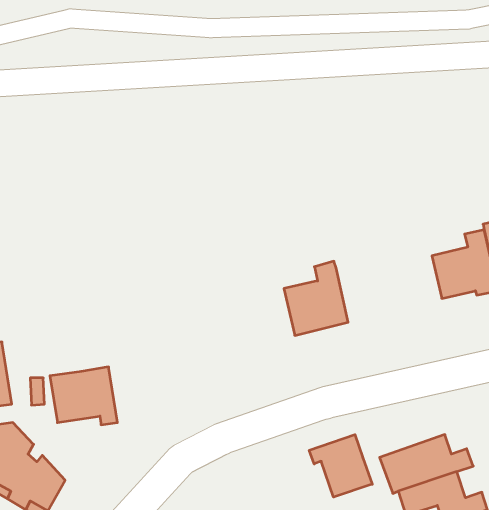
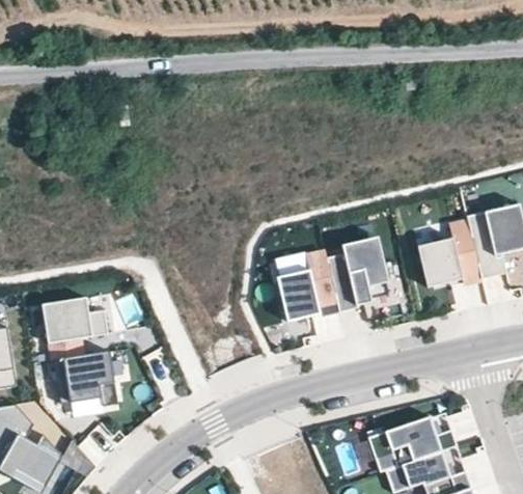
building: none -> [326,240,387,311]
building: none -> [42,297,108,360]
building: [309,435,372,497] -> none

